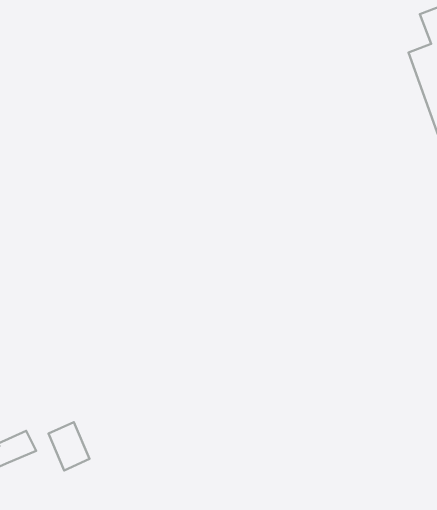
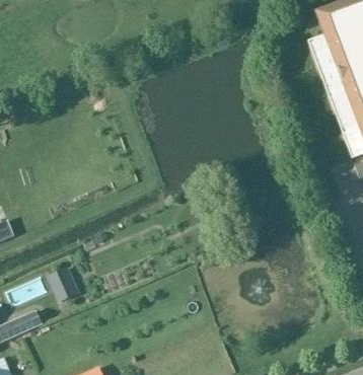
building: [48,422,90,470] -> [50,266,79,300]

